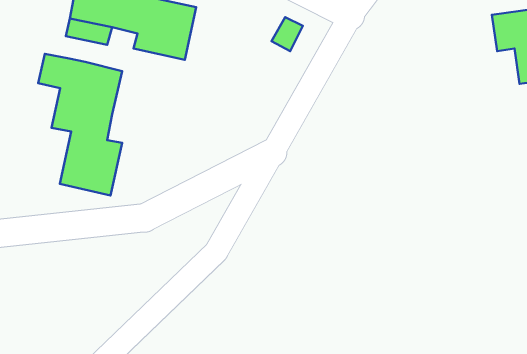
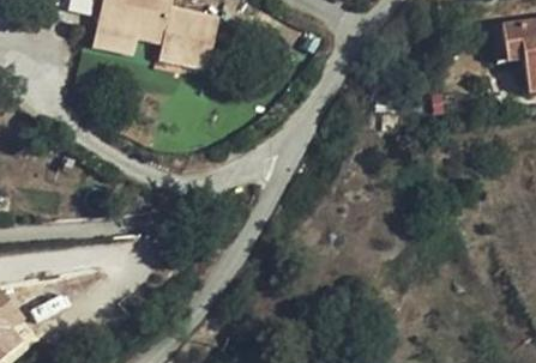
building: [38,54,122,195] -> none

